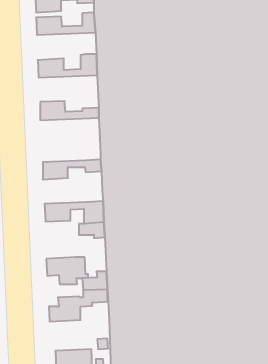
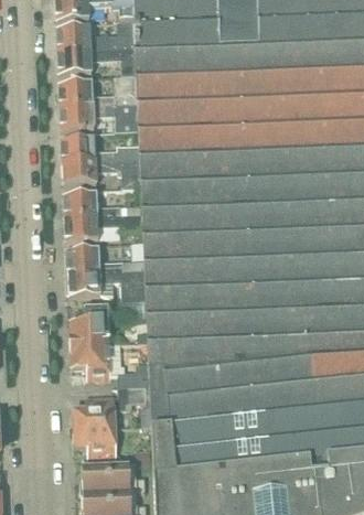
building: none -> [58,44,137,73]
building: none -> [61,100,139,129]
building: none -> [63,157,141,185]
building: none -> [65,190,122,215]
building: none -> [67,245,124,270]
building: none -> [71,305,109,343]
building: none -> [75,423,117,455]

